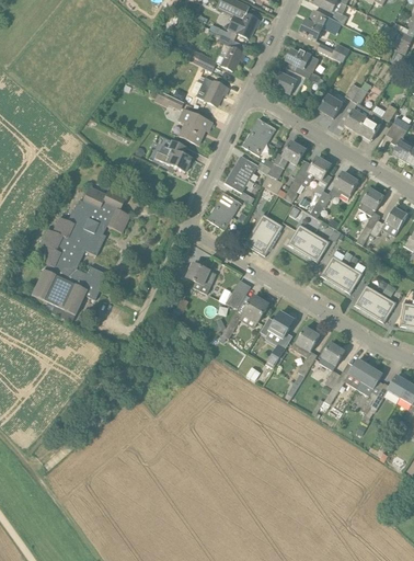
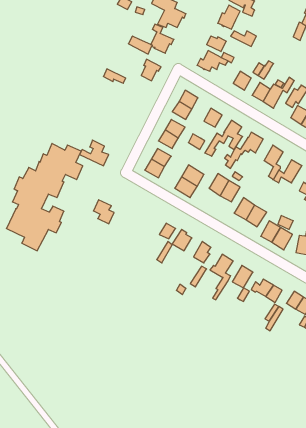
building: [176,108,211,144] -> none
building: [154,138,192,171] -> [79,140,109,166]
building: [187,262,214,293] -> [93,200,114,224]

